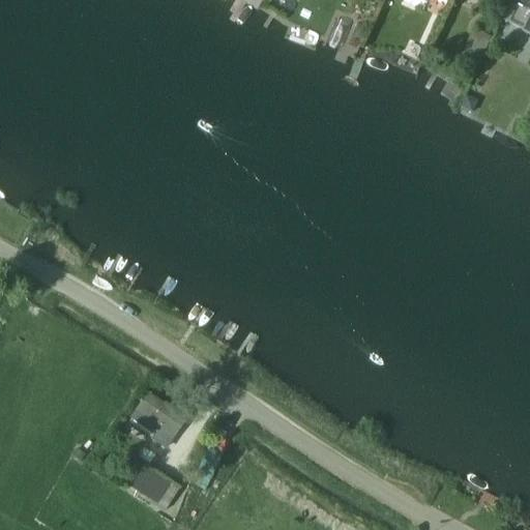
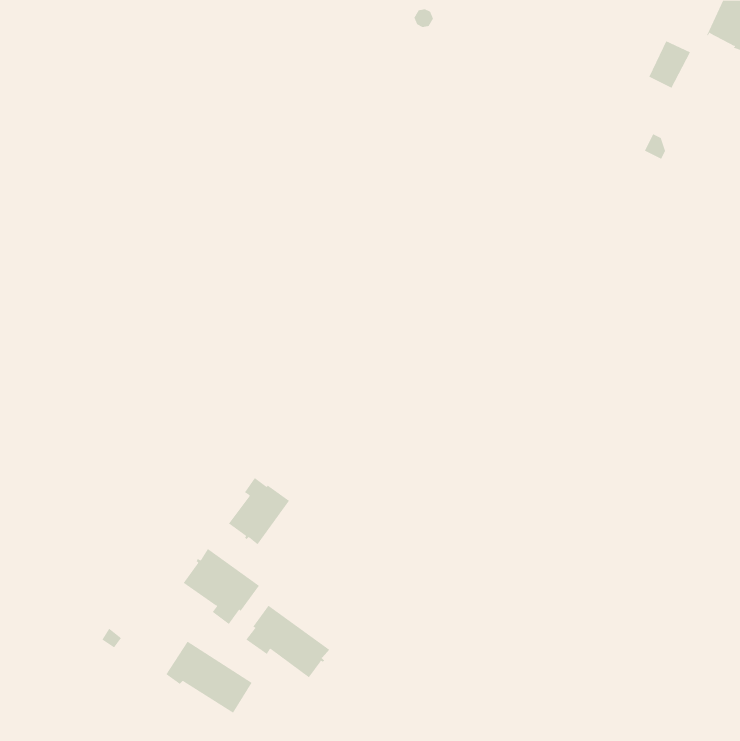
building: none -> [228,477,290,545]
building: none -> [246,605,330,678]

